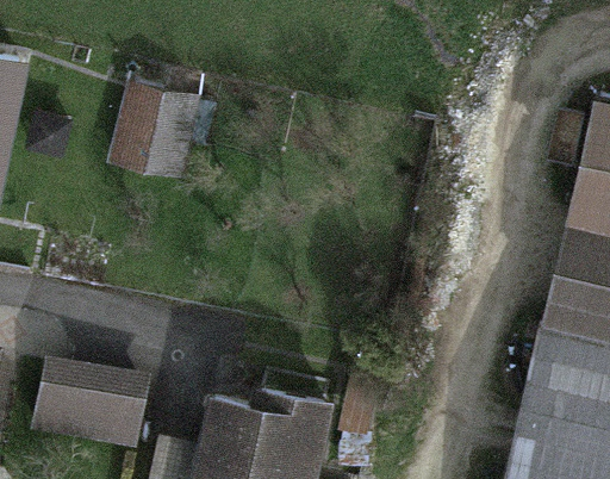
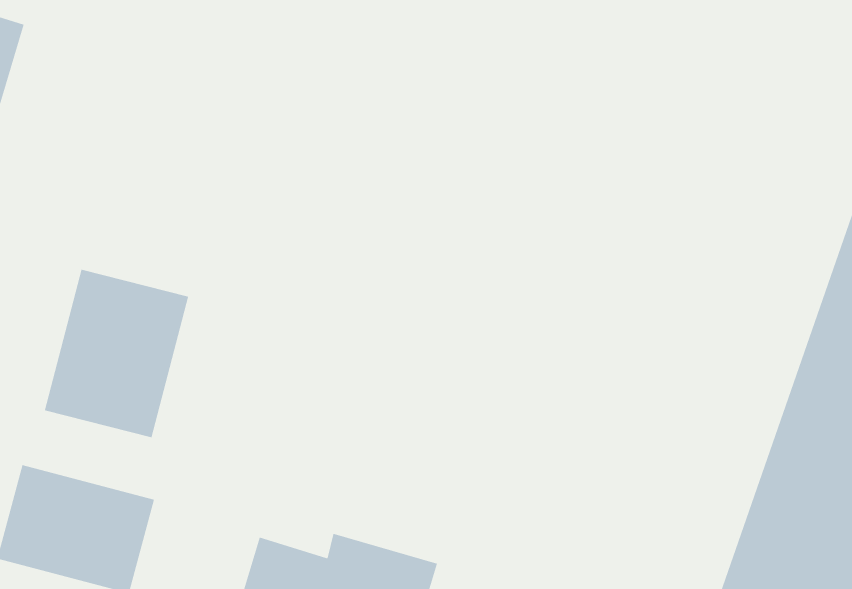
building: [123,93,198,181] -> none
building: none -> [44,269,189,438]

